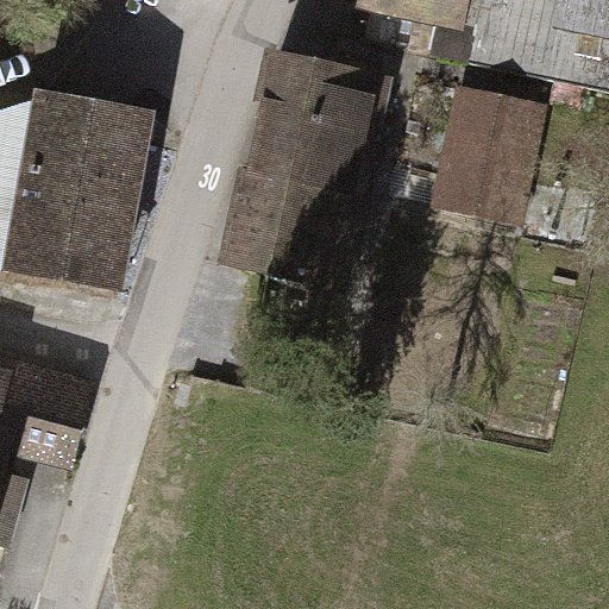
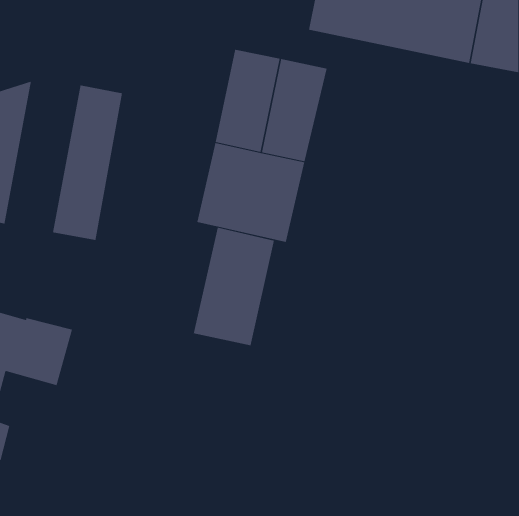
building: [435,84,530,214] -> none
building: [6,88,93,270] -> none
building: none -> [193,227,275,346]

